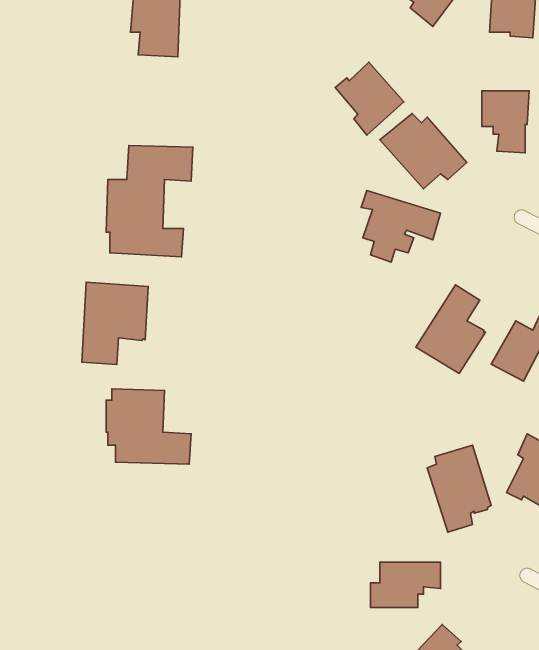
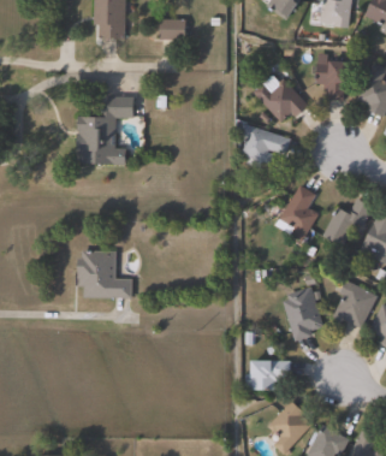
building: none -> [160,18,186,39]
building: [335,62,404,135] -> none
building: [82,282,148,365] -> none

